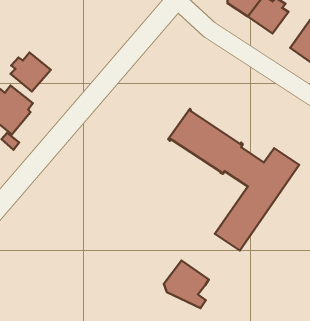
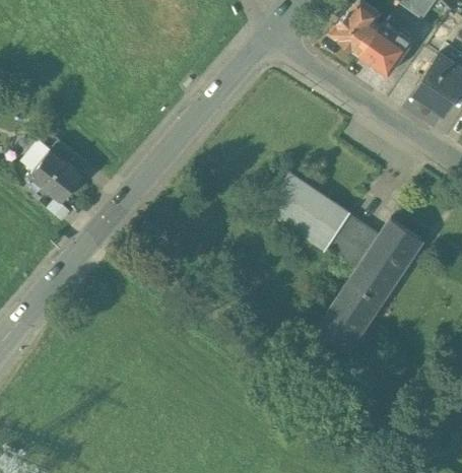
building: [10,52,51,91] -> none
building: [164,260,209,308] -> none

